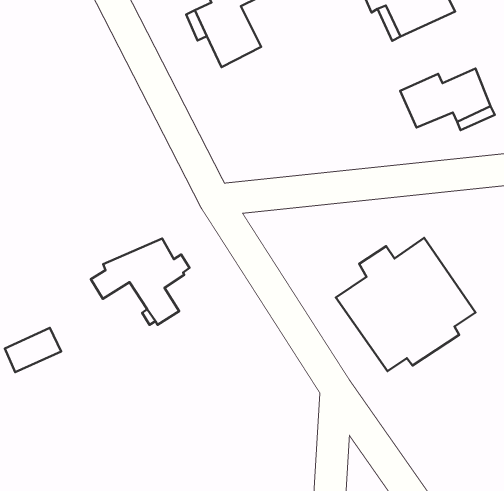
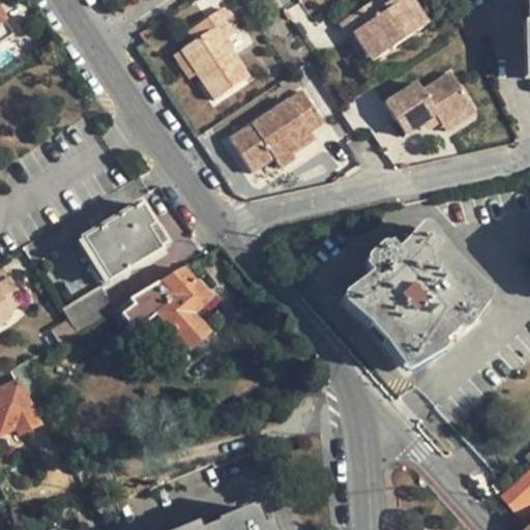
building: none -> [229,99,314,173]
building: none -> [80,202,157,279]
building: [5,328,61,372] -> [62,285,115,330]

